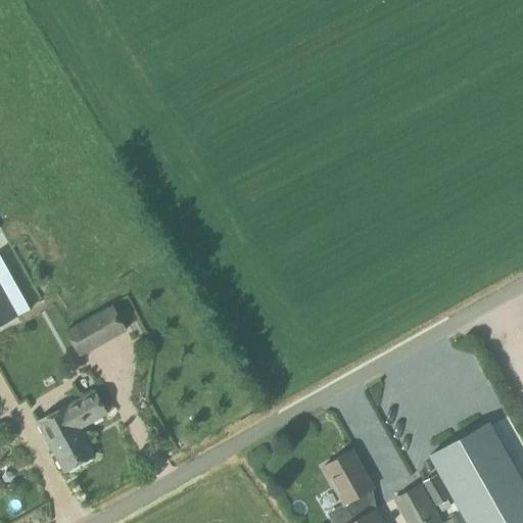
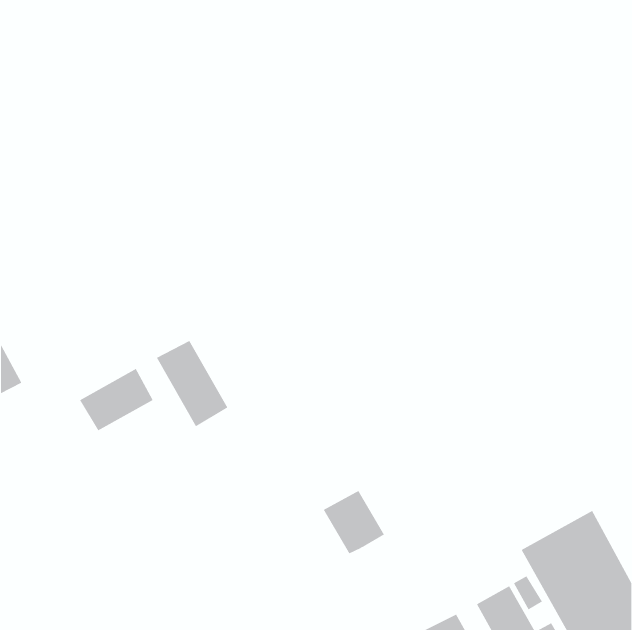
building: none -> [156,340,228,427]
building: [39,392,107,473] -> none
building: [324,451,375,505] -> [323,490,385,554]

